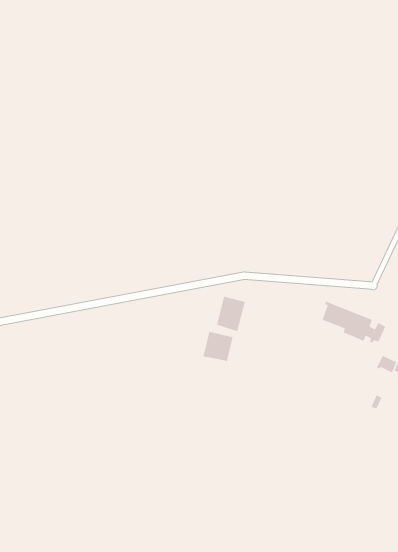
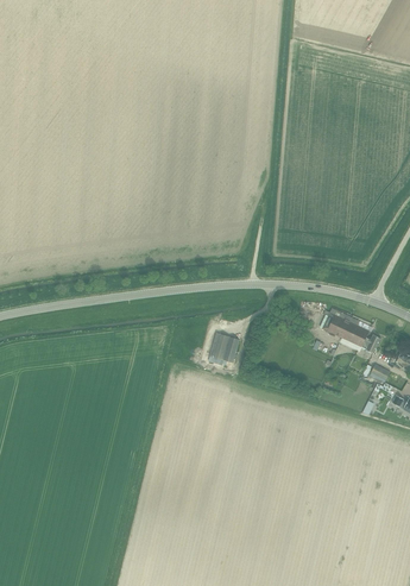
building: [216,296,246,332] -> none

